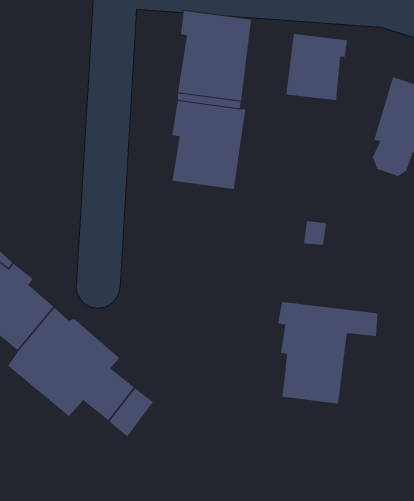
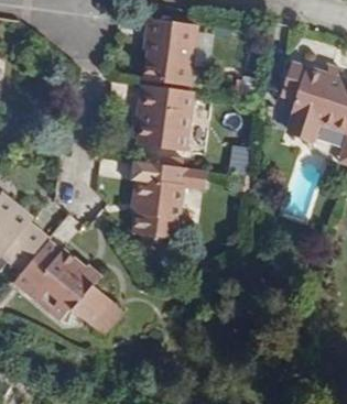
building: [286,33,348,101] -> none
building: [277,301,378,404] -> [130,161,206,238]

